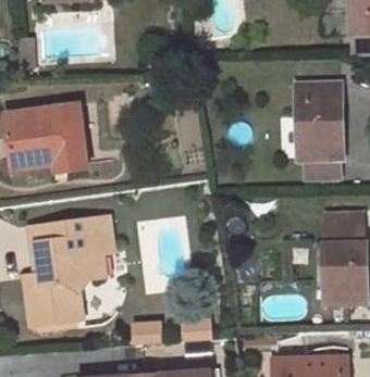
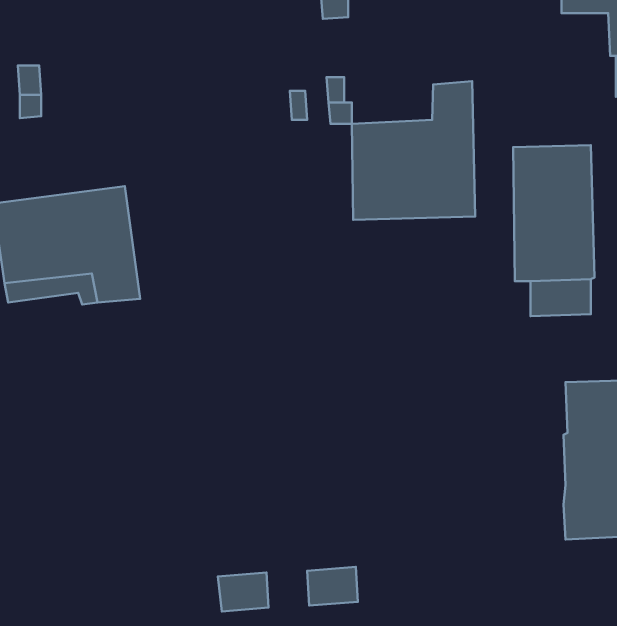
building: none -> [352,81,475,220]
building: [24,214,112,326] -> none

